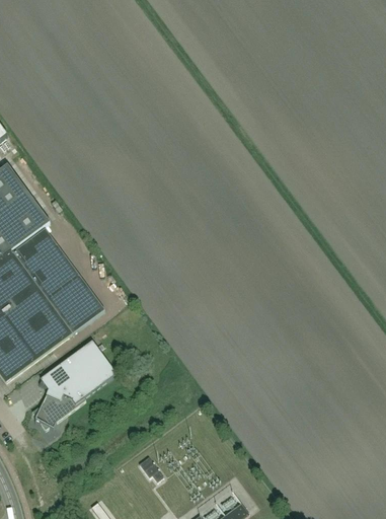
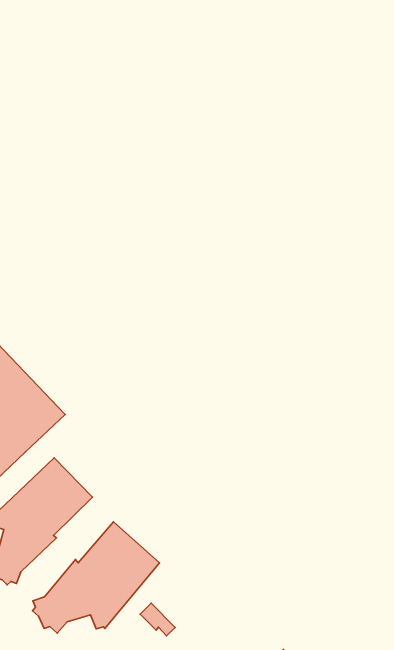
building: none -> [33,522,159,633]

